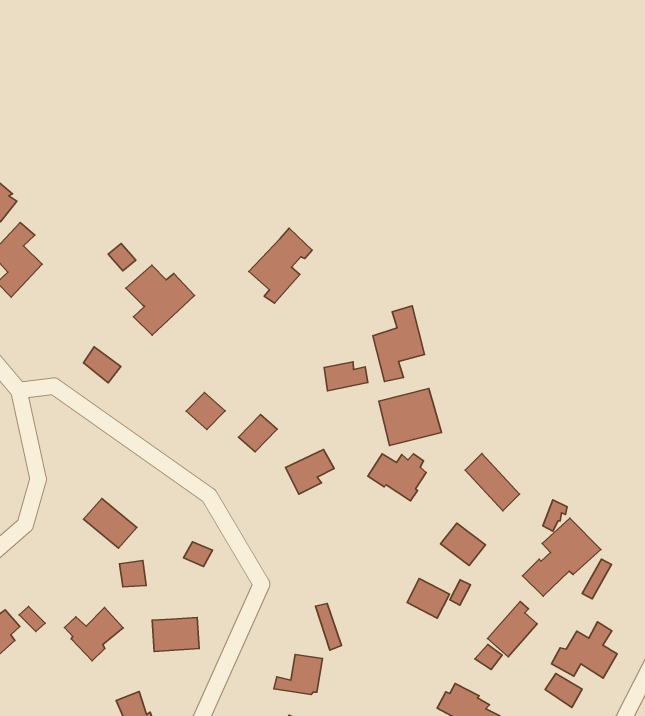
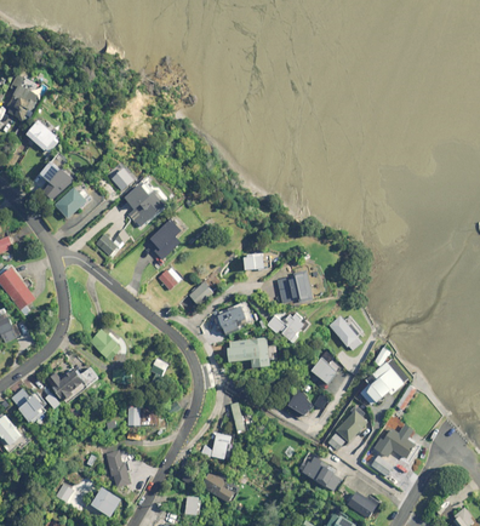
building: [249,228,312,303] -> [148,213,188,259]
building: none -> [55,187,92,221]
building: [373,306,424,382] -> none
building: none -> [227,339,269,367]
building: [65,607,123,661] -> [47,368,84,401]

